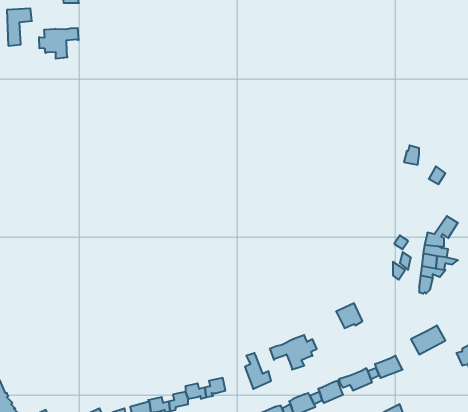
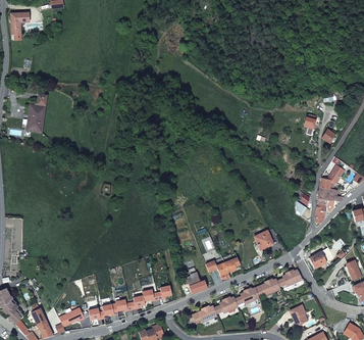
building: [39,28,78,59] -> none
building: none -> [27,96,46,132]

